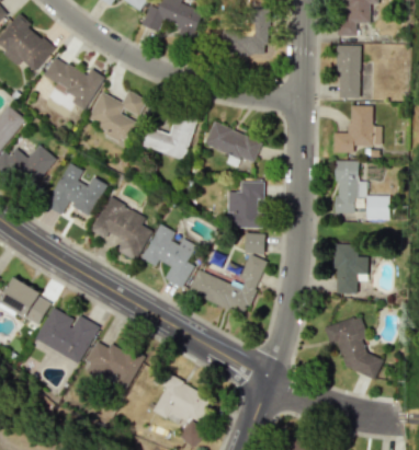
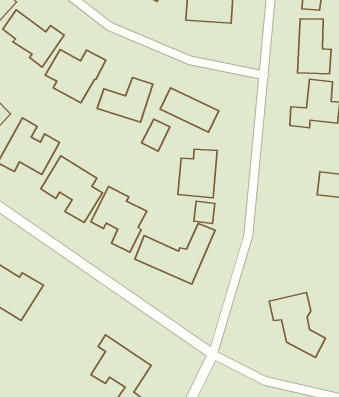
building: none -> [141,119,170,151]
building: [336,160,366,212] -> none
building: [335,243,367,292] -> none
building: [86,339,141,391] -> none

